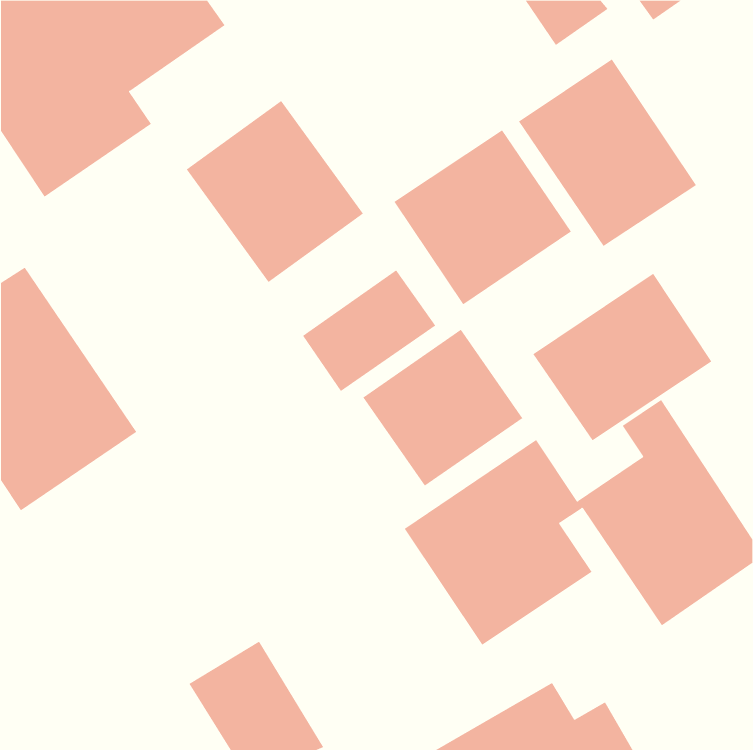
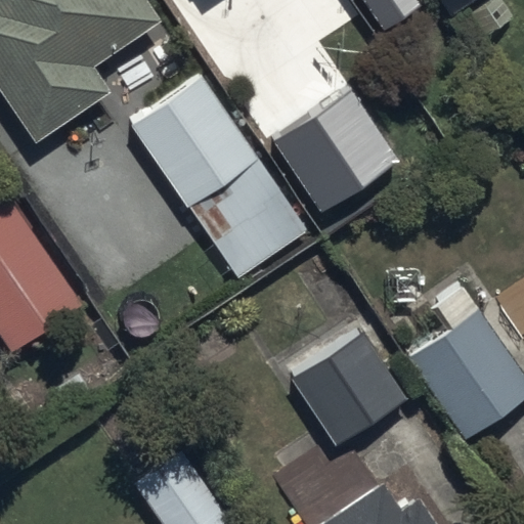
building: [518,58,697,247] -> none
building: [533,273,712,441] -> none
building: [362,329,523,487] -> none

